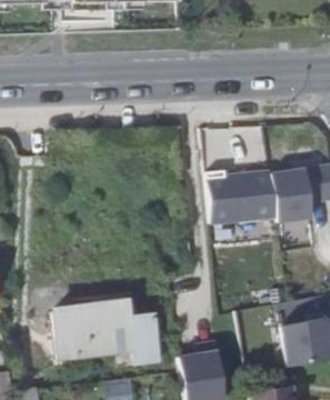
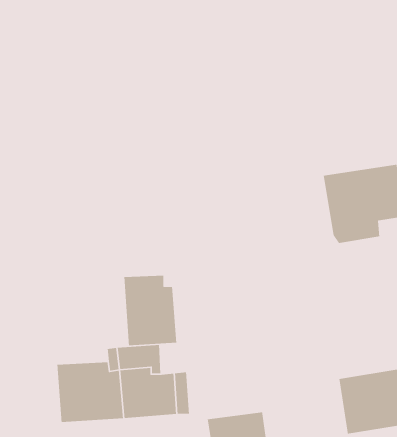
building: [211,166,276,220] -> none
building: none -> [123,275,177,346]

